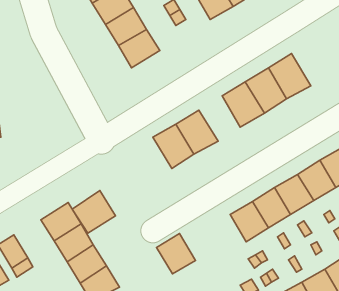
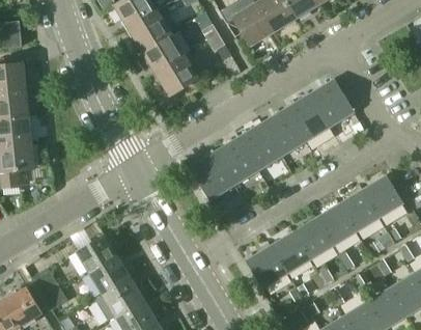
building: none -> [237,125,280,171]
building: [72,190,116,233] -> none
building: [156,233,196,274] -> [246,247,286,288]

